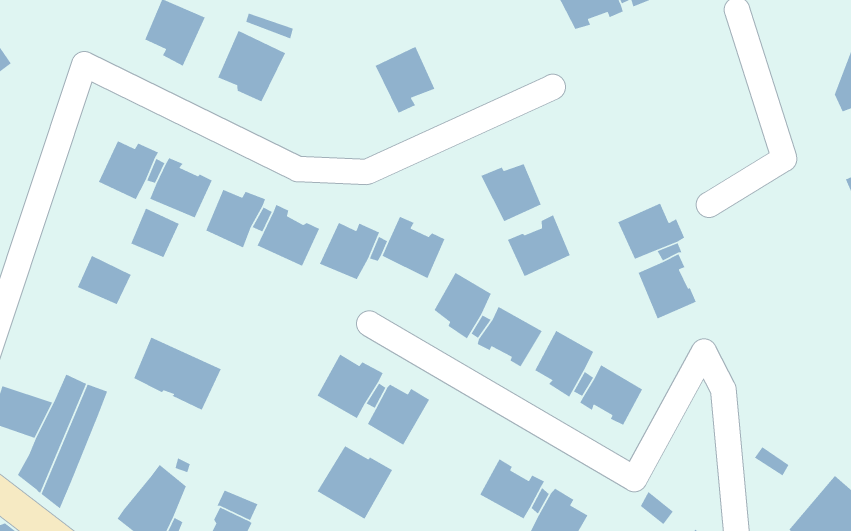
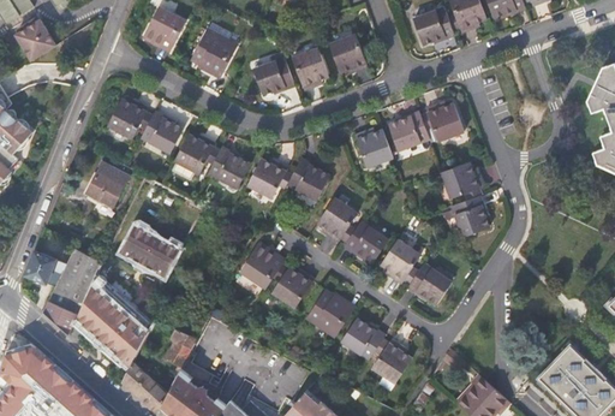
building: none -> [329,36,368,73]
building: none -> [252,59,294,97]
building: none -> [426,103,464,142]
building: [130,207,180,258] -> none
building: [507,214,571,277] -> [388,111,429,150]
building: none -> [77,275,130,338]
building: [316,445,393,520] -> [304,289,354,338]

